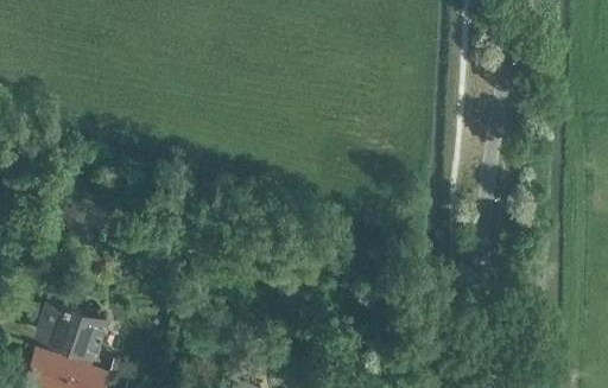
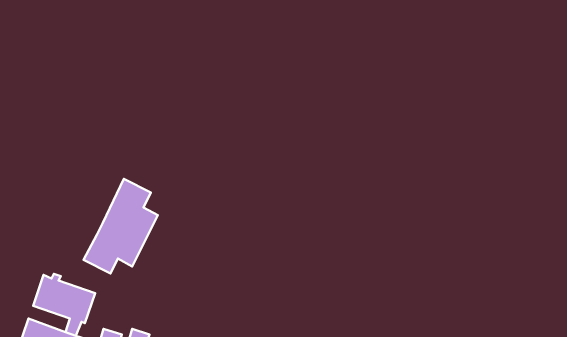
building: none -> [84,179,158,273]

